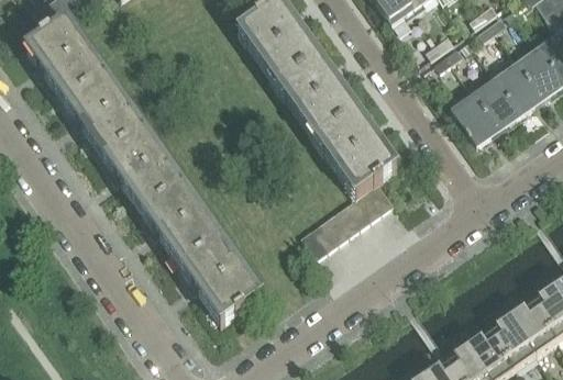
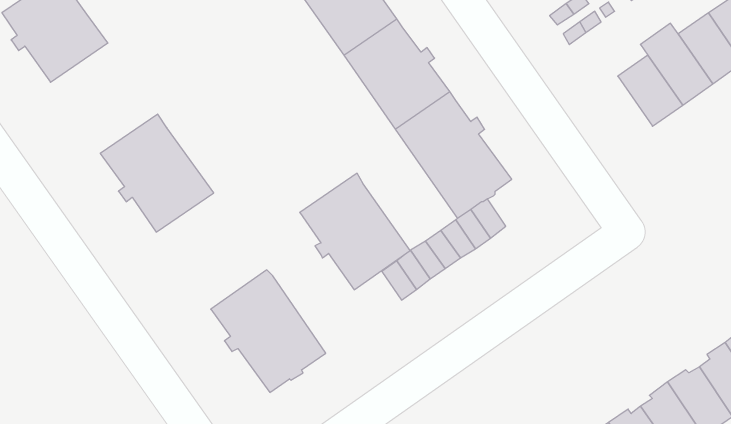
building: [63,68,141,148] -> none
building: [453,92,500,144] -> none
building: [140,177,220,261] -> [300,173,410,290]

